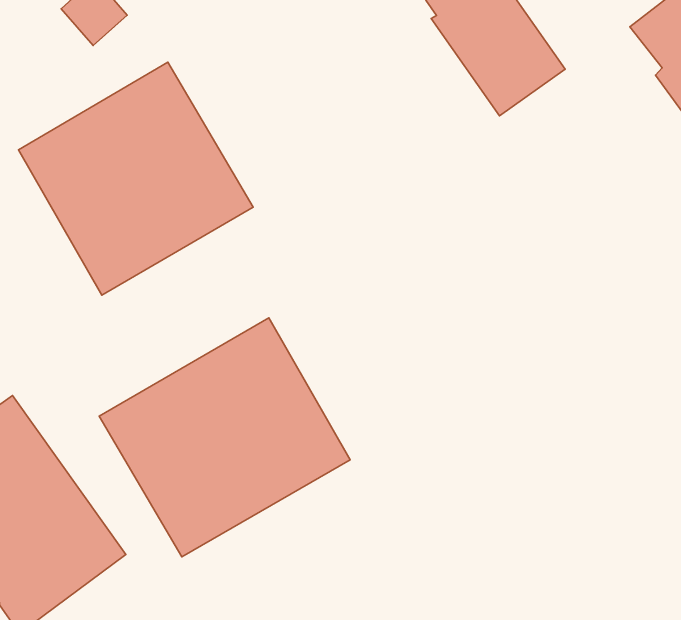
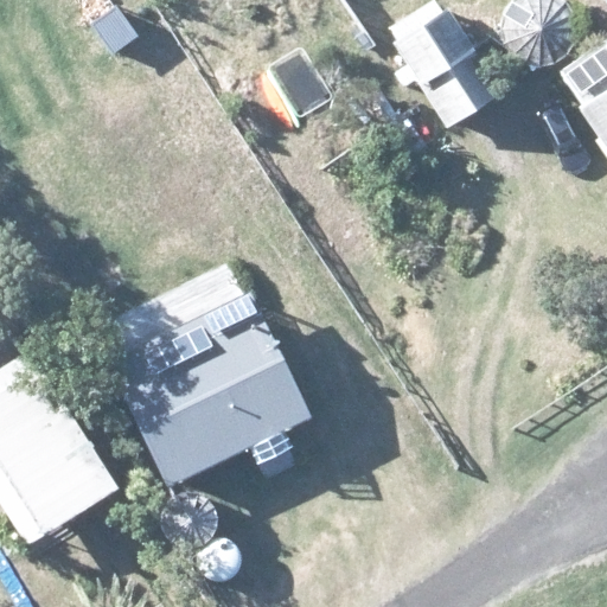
building: [18,62,253,295] -> none

